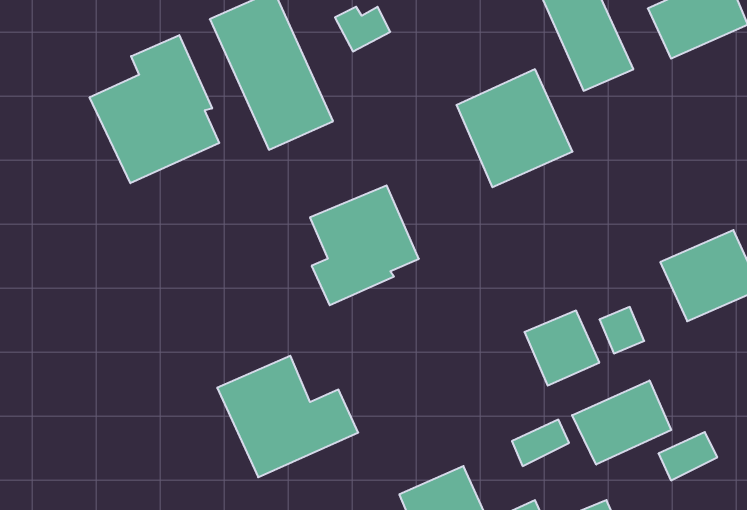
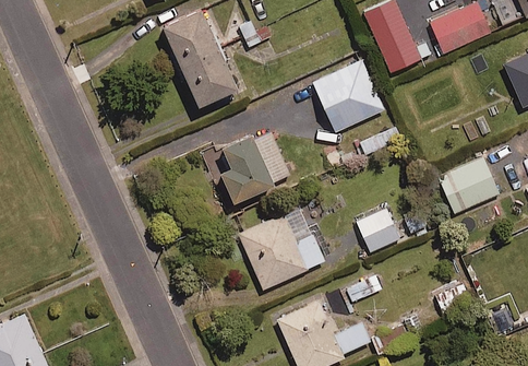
building: [90,35,219,183] -> none
building: [217,356,358,477] -> [239,214,325,288]
building: [572,380,671,465] -> none

